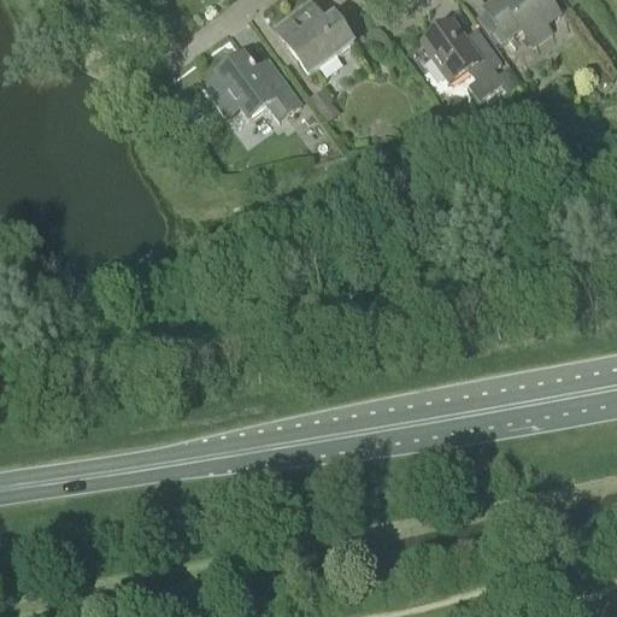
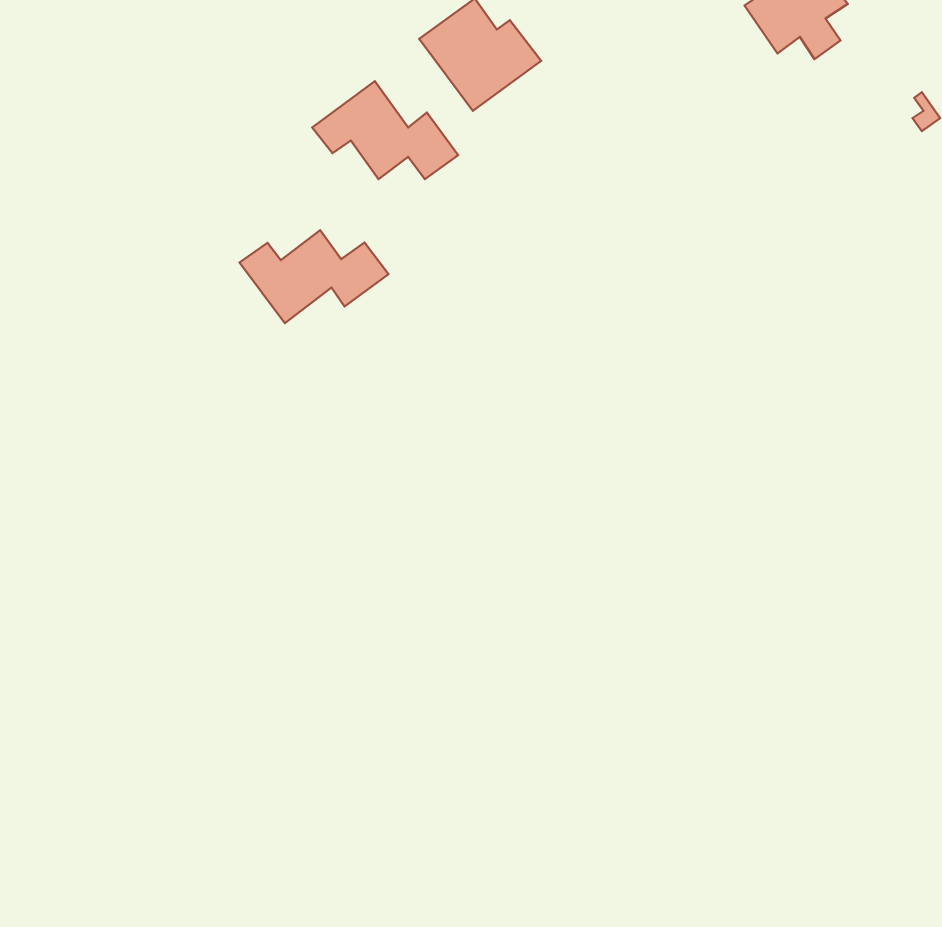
building: [422,17,519,98] -> none
building: none -> [240,230,388,323]

